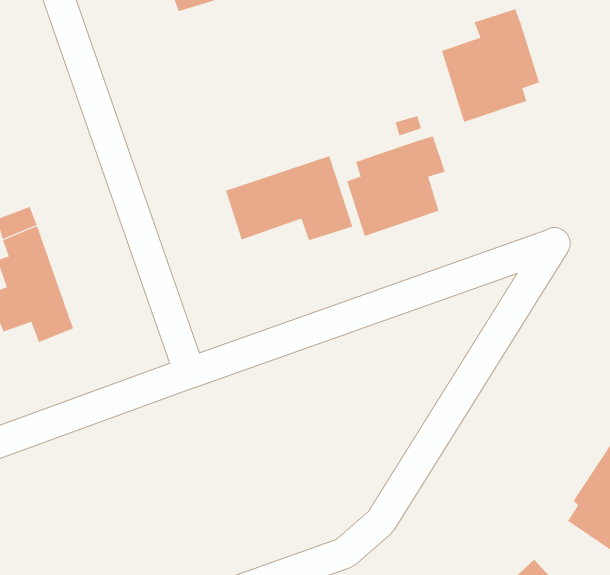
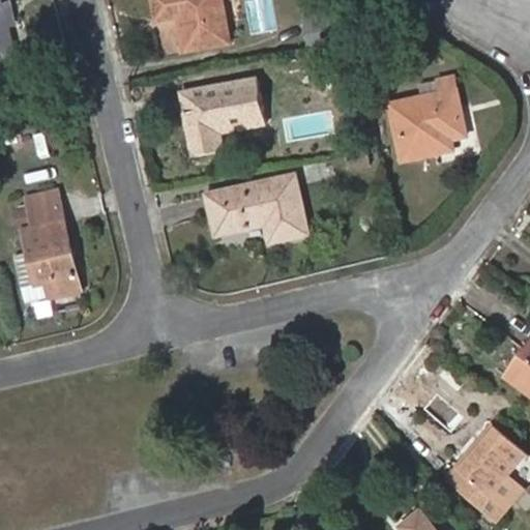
building: none -> [184,80,262,152]
building: [347,136,445,237] -> none

